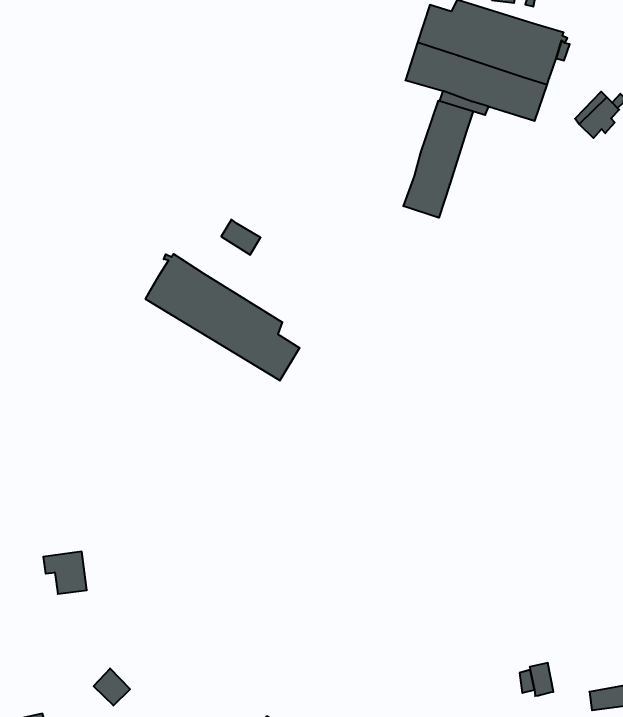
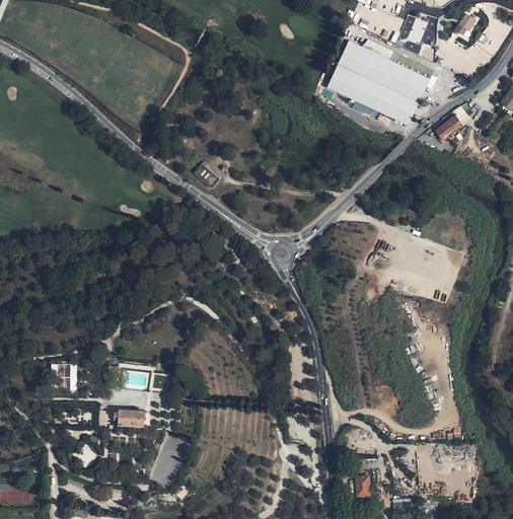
building: [403,101,473,218] -> none
building: [146,254,300,381] -> none
building: none -> [113,410,145,427]

